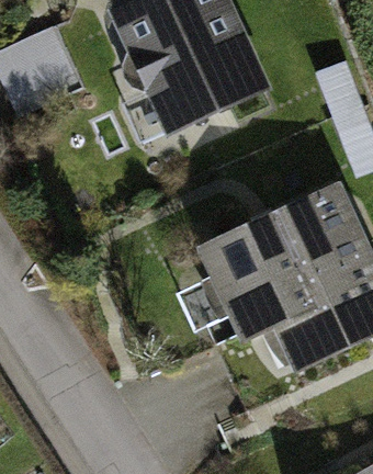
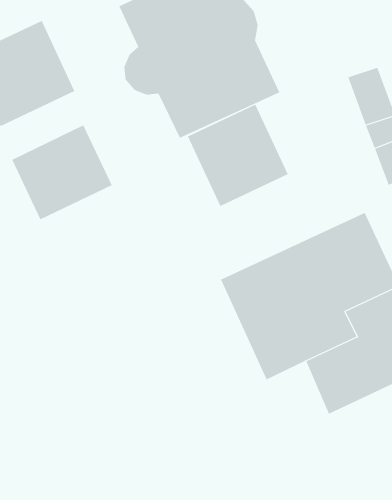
building: none -> [187,104,288,207]
building: none -> [11,125,112,220]

